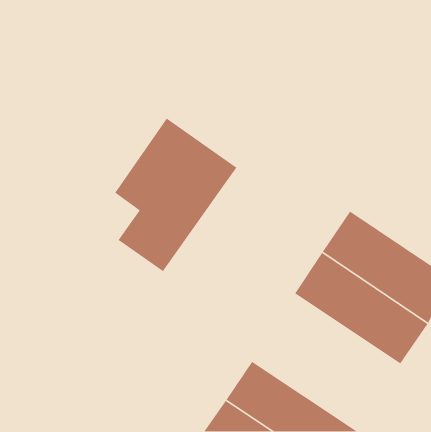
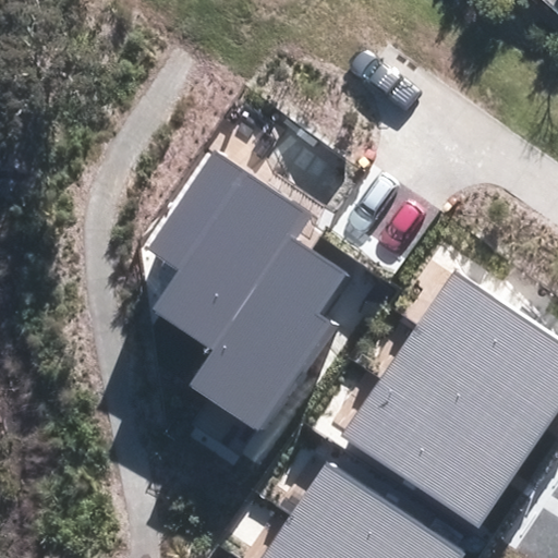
building: none -> [187,234,349,436]
building: none -> [341,378,518,527]

